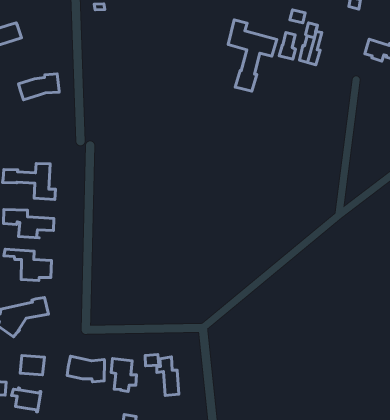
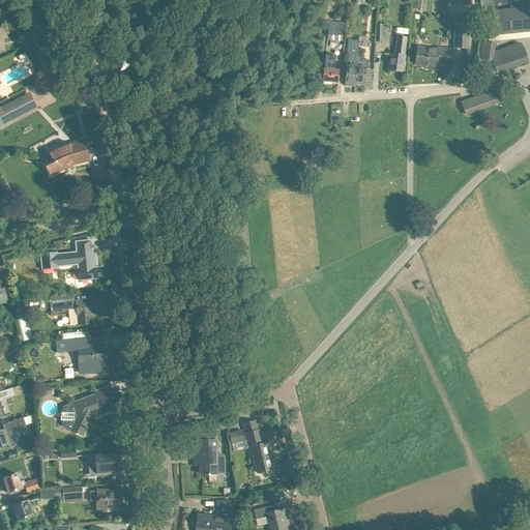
building: [228,20,277,91] -> none
building: none -> [388,35,406,70]
building: [67,356,104,382] -> none

